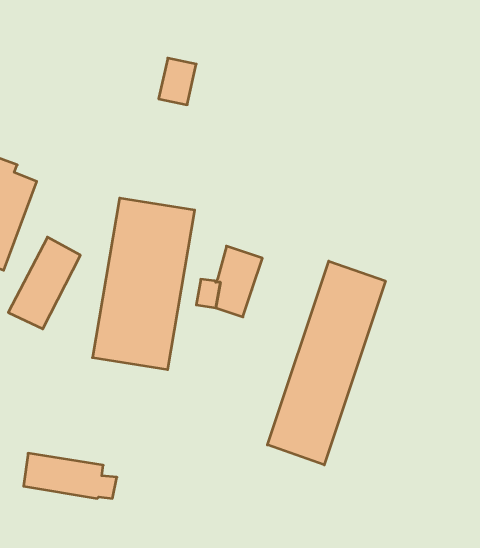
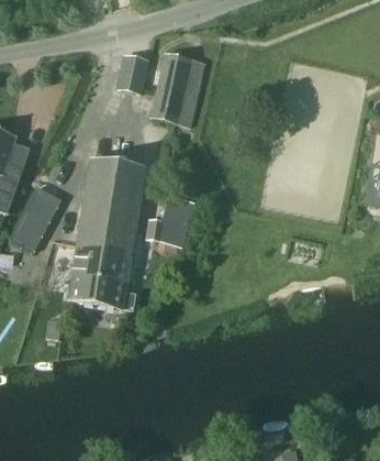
building: none -> [150,54,204,127]
building: [267,261,385,465] -> none
building: [24,453,117,498] -> [67,276,135,309]

